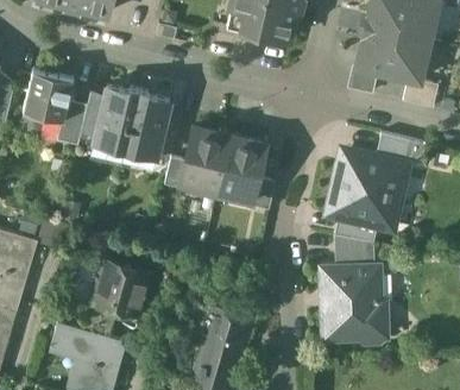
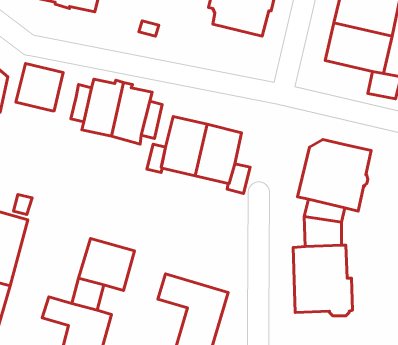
building: [57,102,88,146] -> none
building: [376,134,426,165] -> none

